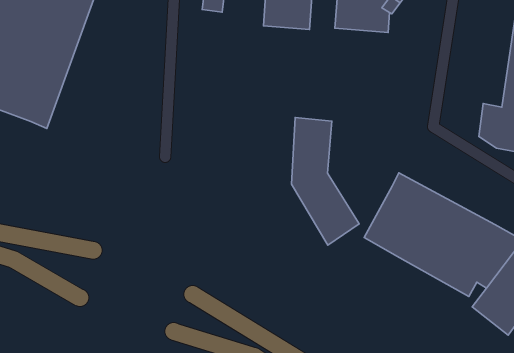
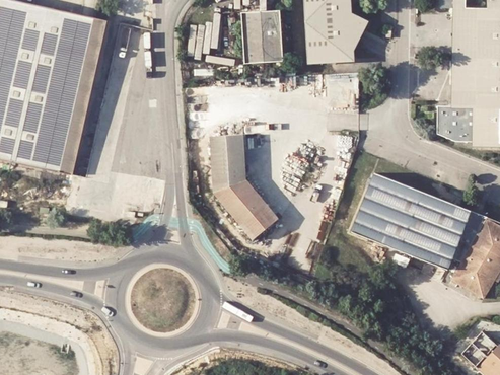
building: [291,118,359,245] -> [212,134,278,239]

